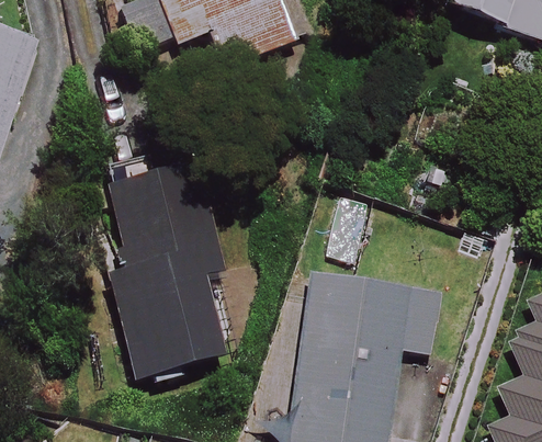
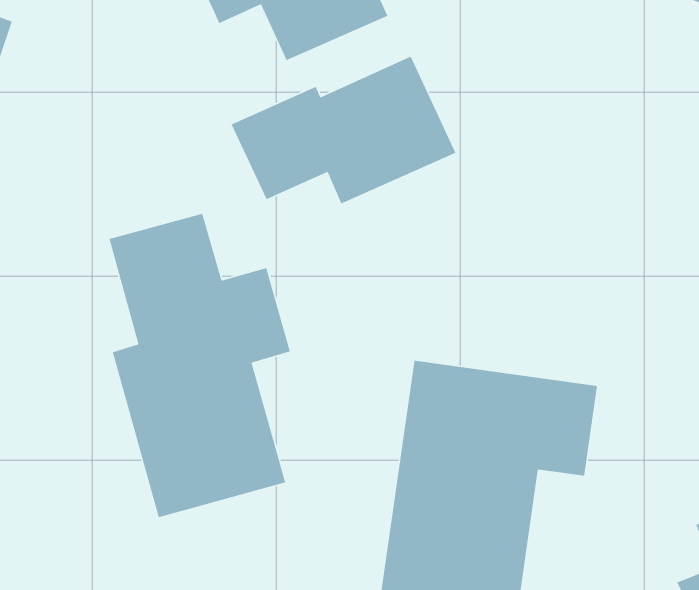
building: none -> [231,56,456,204]

